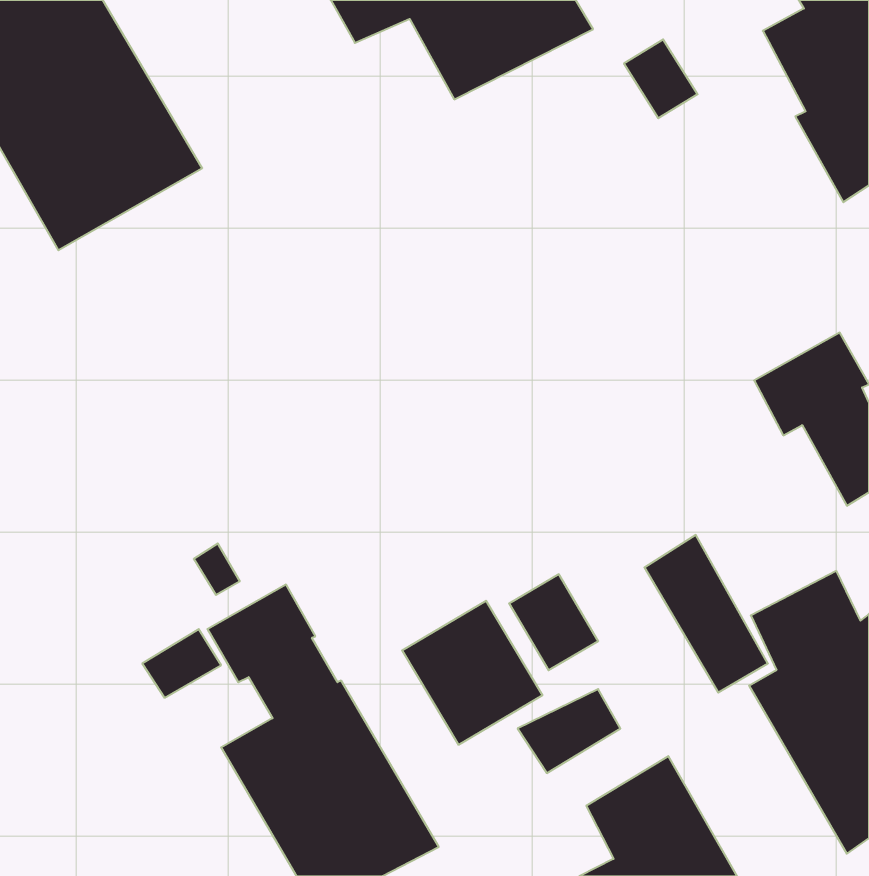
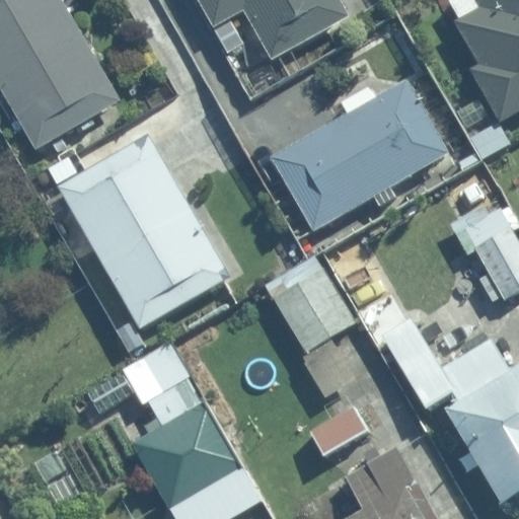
building: none -> [271,82,445,229]
building: none -> [56,134,229,327]
building: [402,601,543,745] -> [272,266,355,351]

